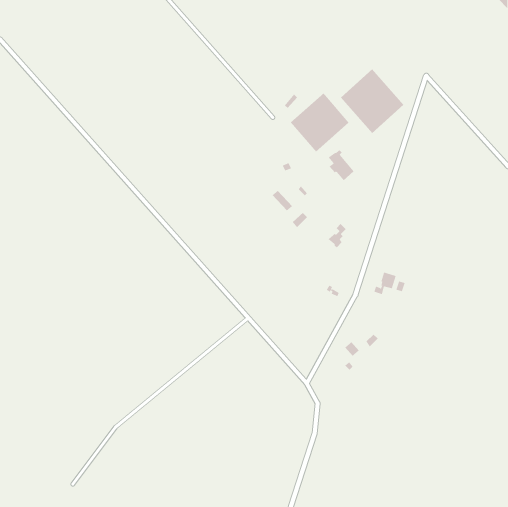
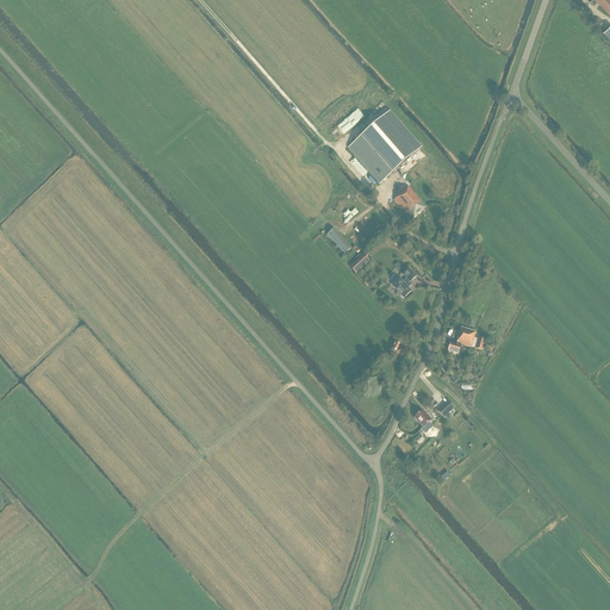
building: [340,69,404,134] -> none

